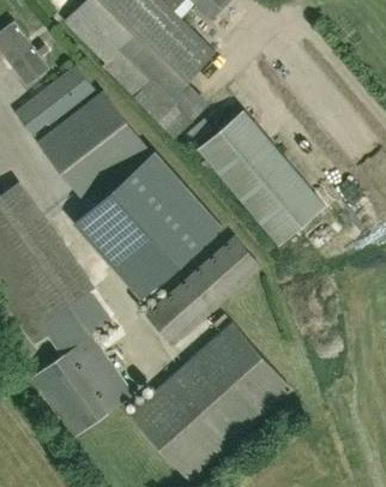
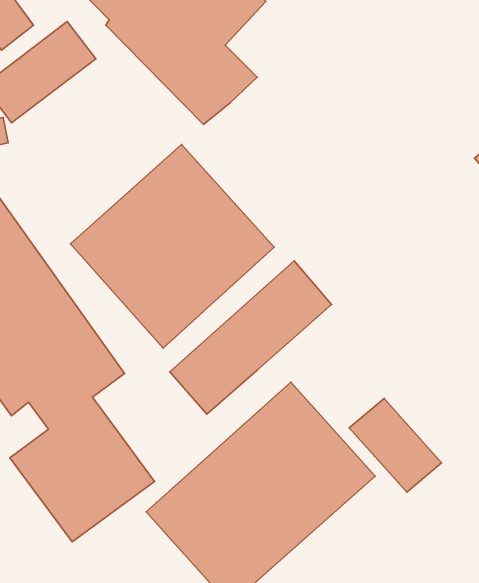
building: [37,90,150,200] -> none
building: [195,110,320,244] -> none
building: none -> [349,398,442,492]

